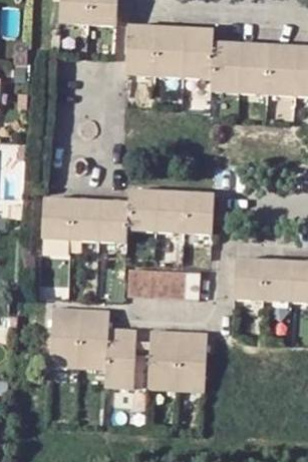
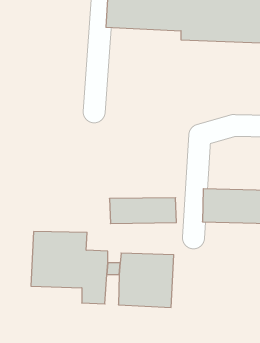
building: [42,188,212,245] -> none

